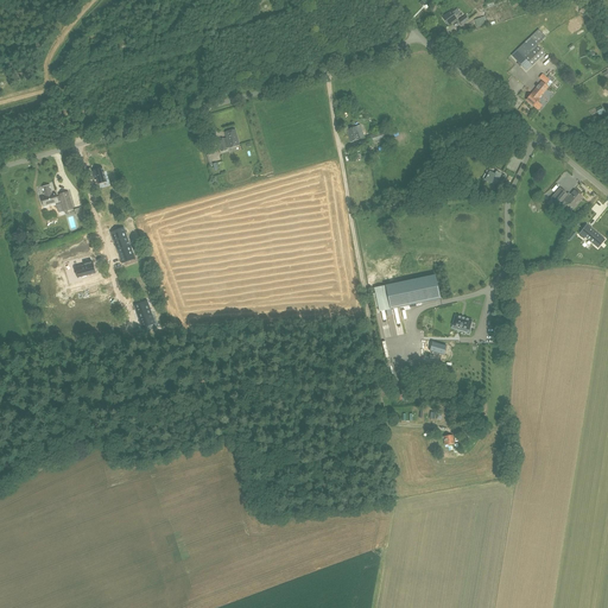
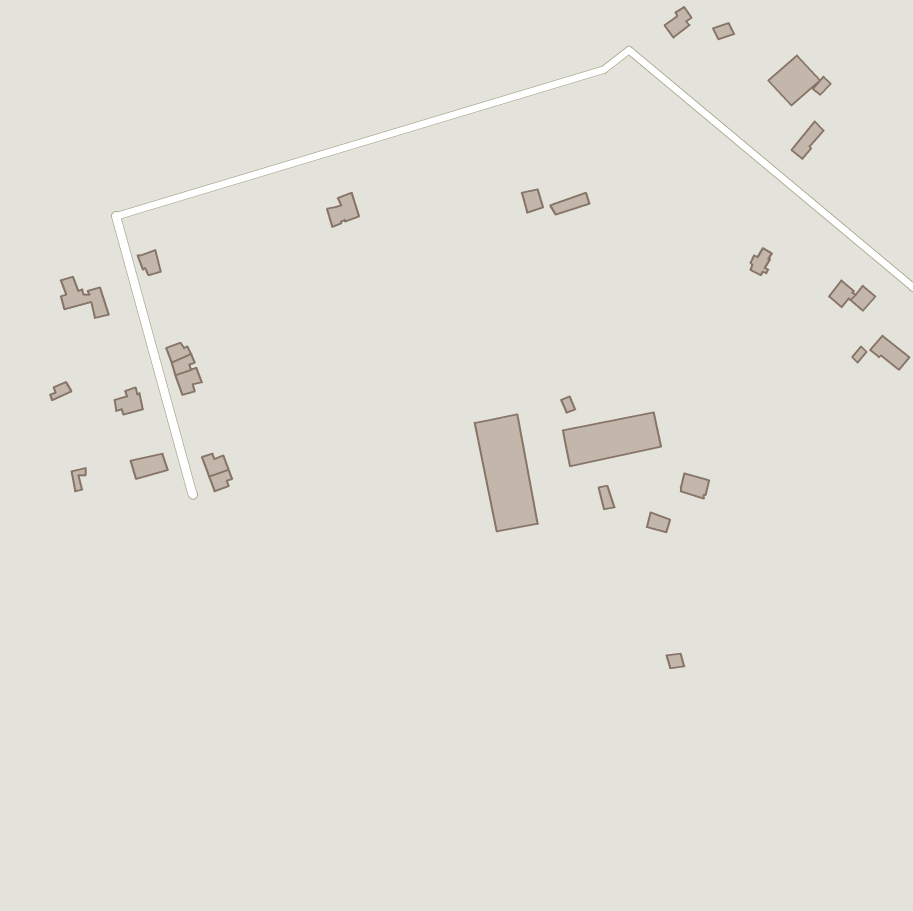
building: none -> [475,414,538,532]

